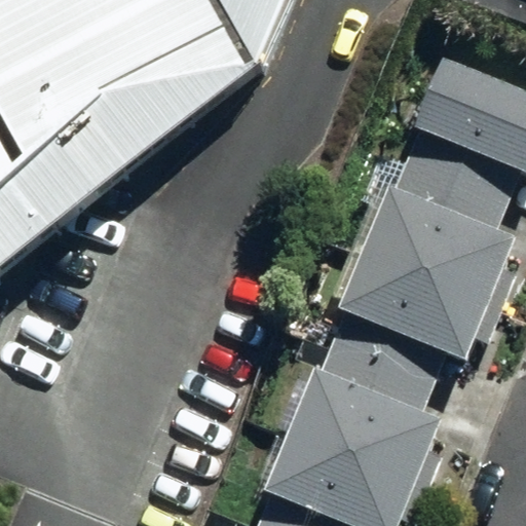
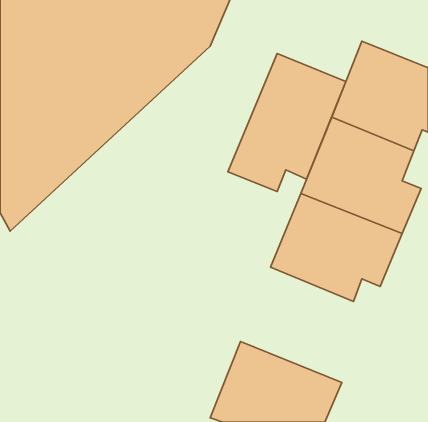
building: none -> [228,53,346,192]
building: [295,328,443,469] -> none

